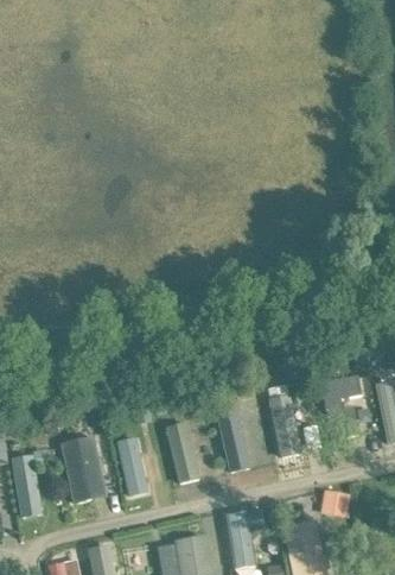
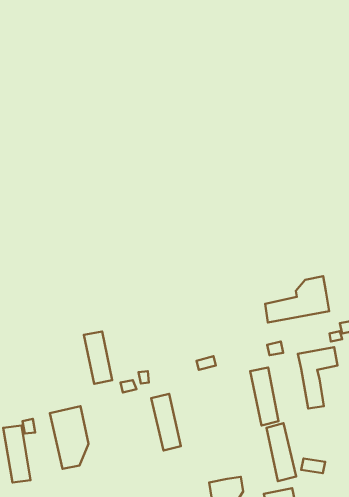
building: none -> [265,276,329,322]
building: [218,410,249,470] -> [267,423,296,481]
building: [117,438,147,493] -> [84,331,112,384]

